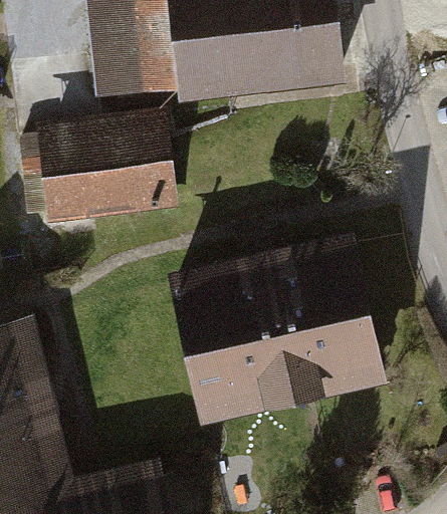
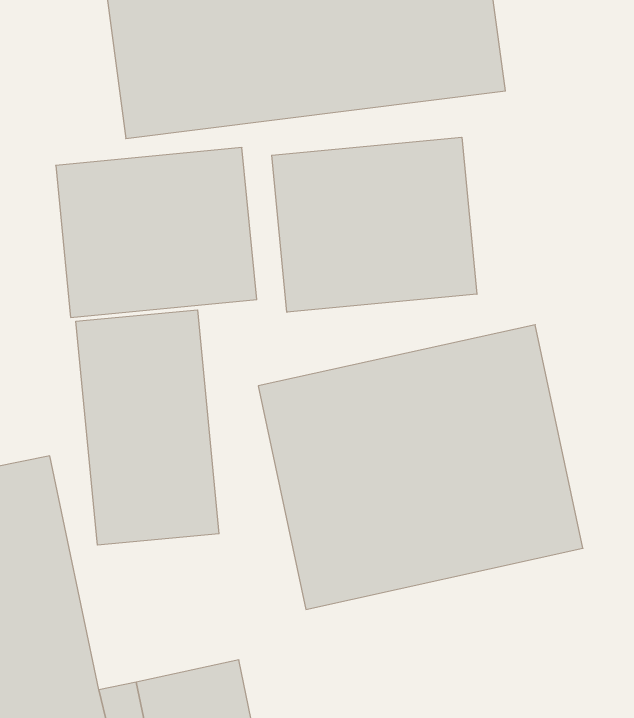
building: none -> [272,137,477,312]
building: none -> [76,310,219,545]

